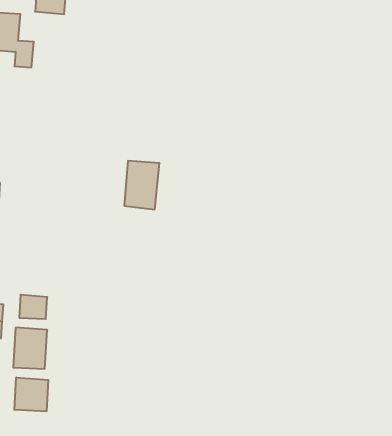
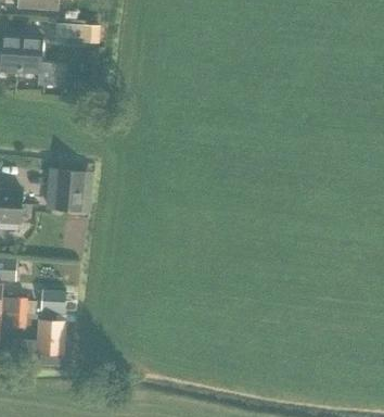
building: [124,161,160,209] -> [54,169,86,213]
building: [14,377,48,411] -> none

